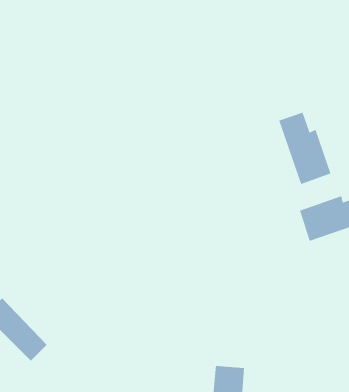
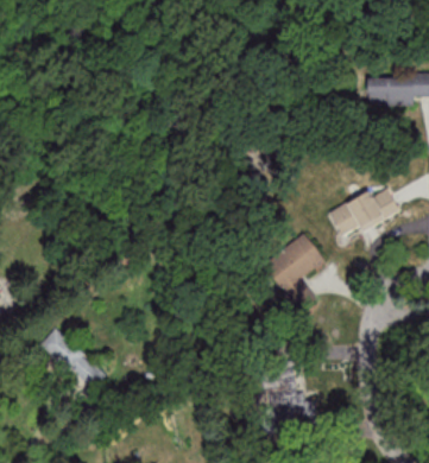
building: [278,112,331,185] -> none
building: none -> [264,234,326,292]

